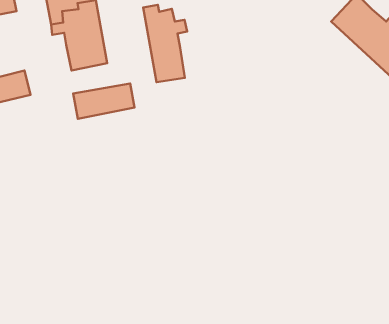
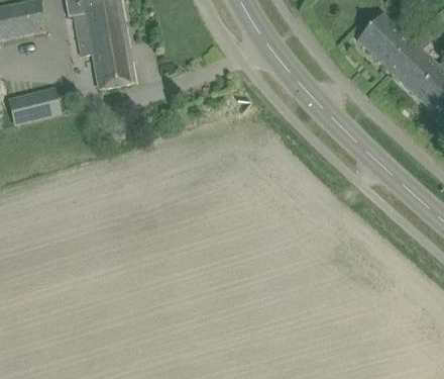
building: [143,5,187,82] -> none
building: [73,83,134,119] -> none

